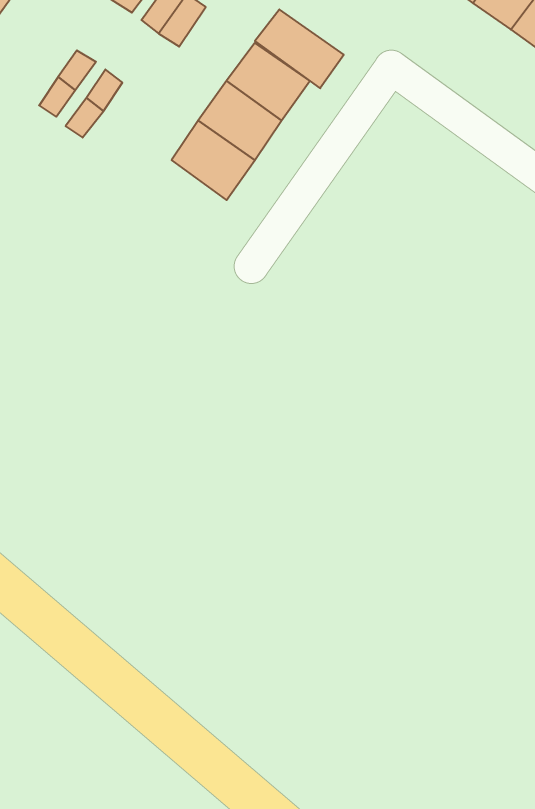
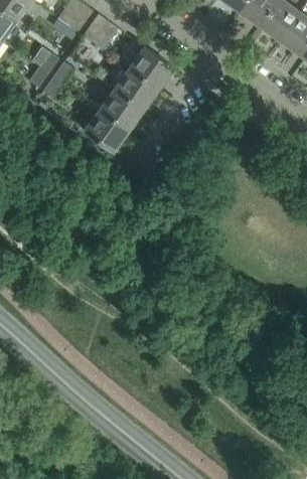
building: [255,9,344,88] -> none
building: none -> [85,110,129,151]

